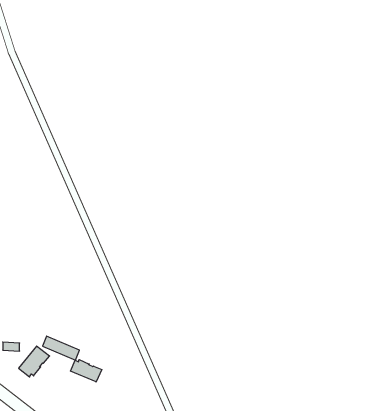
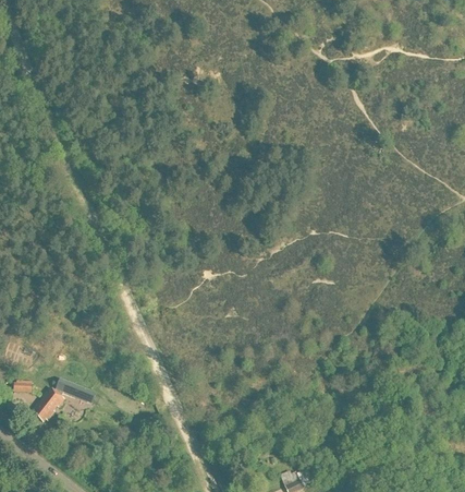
building: [71,360,102,382] -> none

